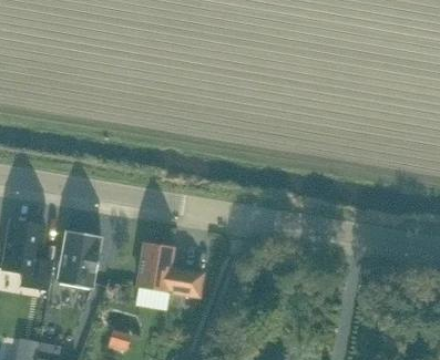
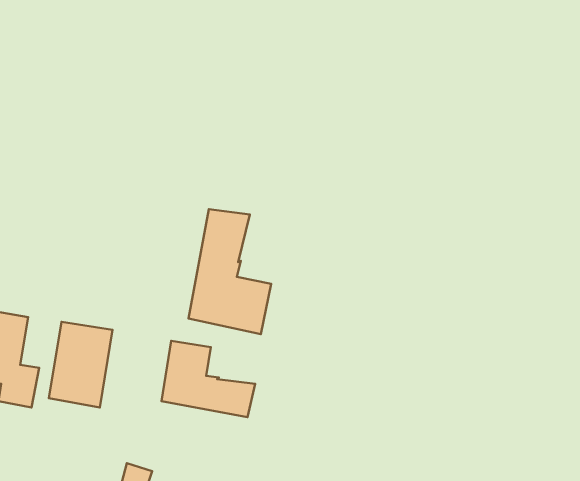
building: none -> [188,209,271,334]

